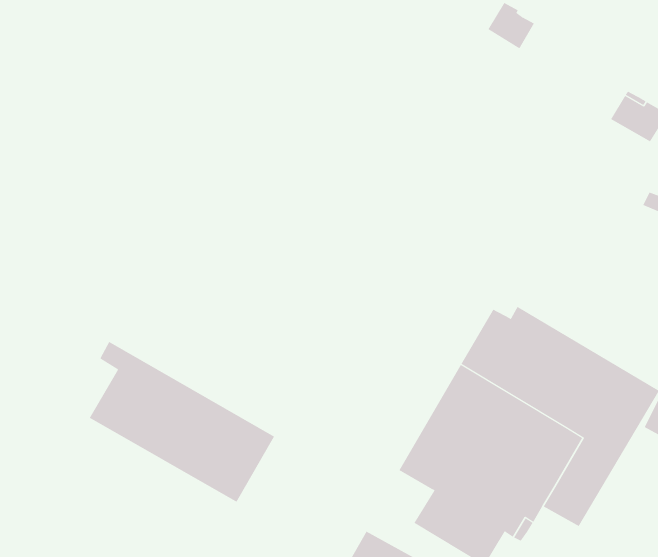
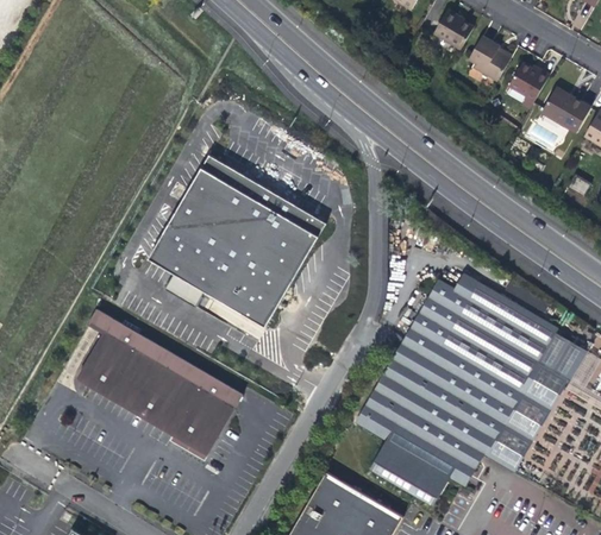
building: none -> [467,37,509,81]
building: none -> [506,62,547,109]
building: none -> [148,155,325,327]

